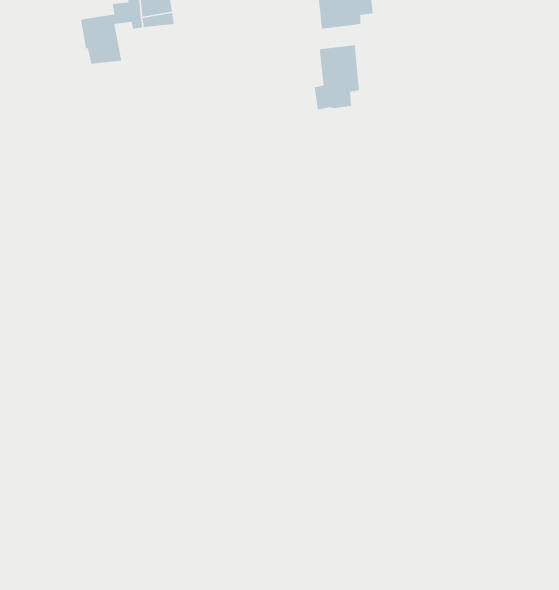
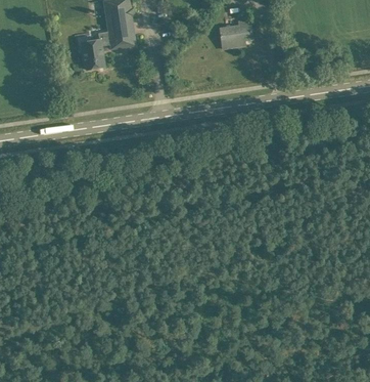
building: [314,44,360,111] -> none

